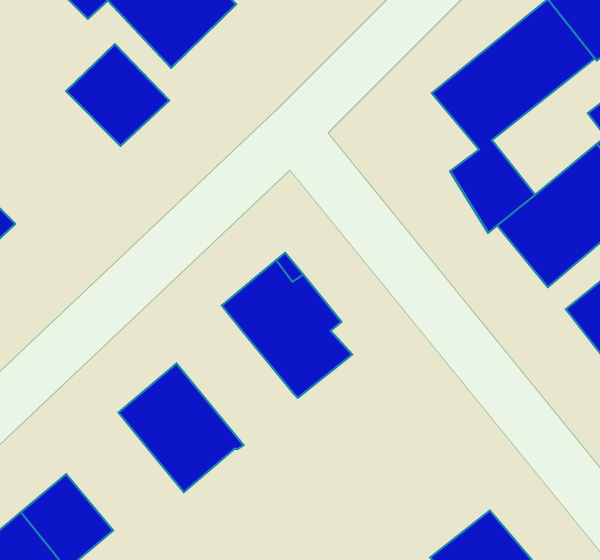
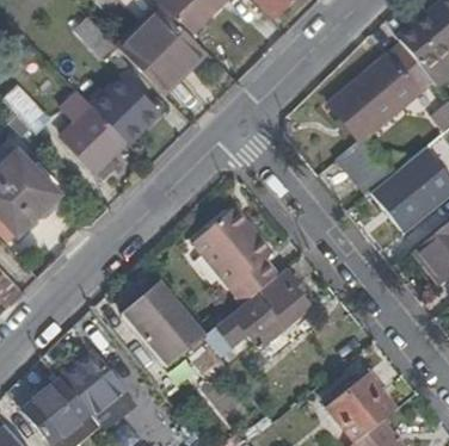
building: none -> [57,86,124,169]
building: none -> [202,272,307,358]

